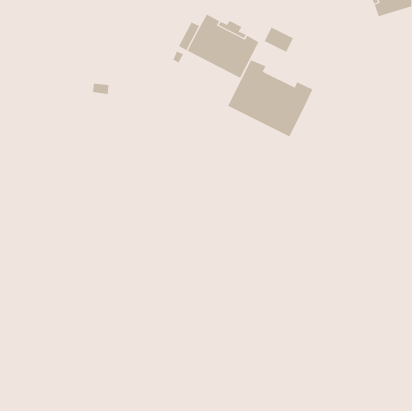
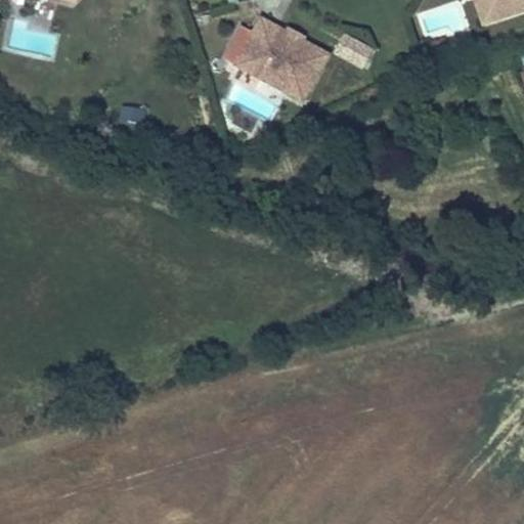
building: [227,60,313,137] -> none

